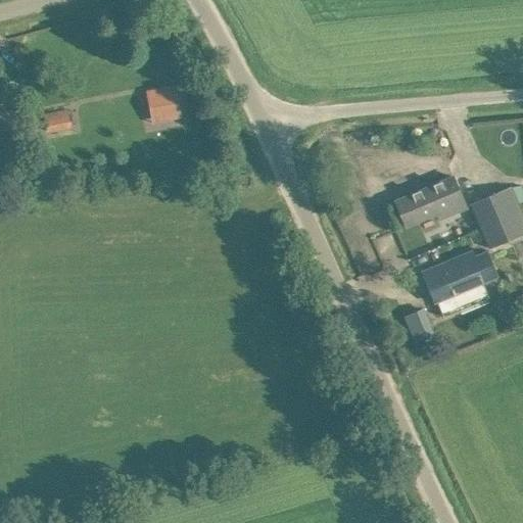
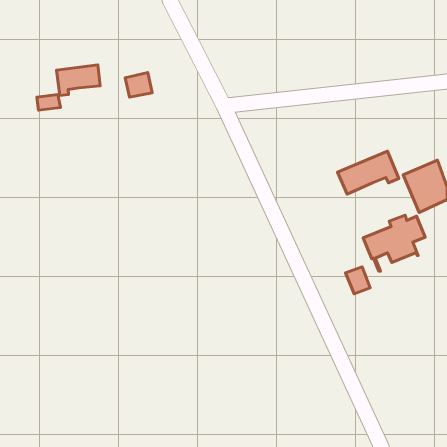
building: none -> [57,65,100,96]

